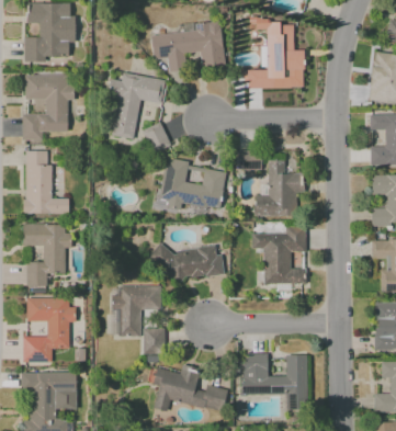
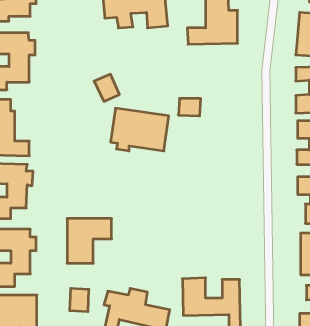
building: [109,72,166,138] -> none
building: [254,159,301,216] -> none
building: [252,225,306,283] -> none
building: [152,245,224,279] -> none
building: [143,327,165,353] -> [70,288,89,312]

